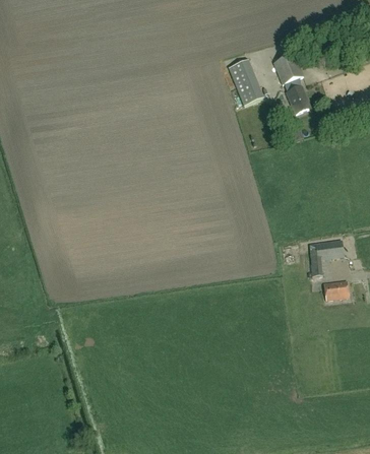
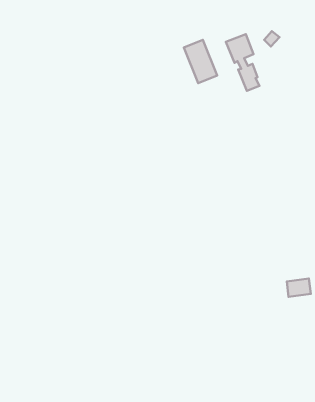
building: [310,241,345,277] -> none
building: [324,281,350,301] -> [287,278,311,297]

